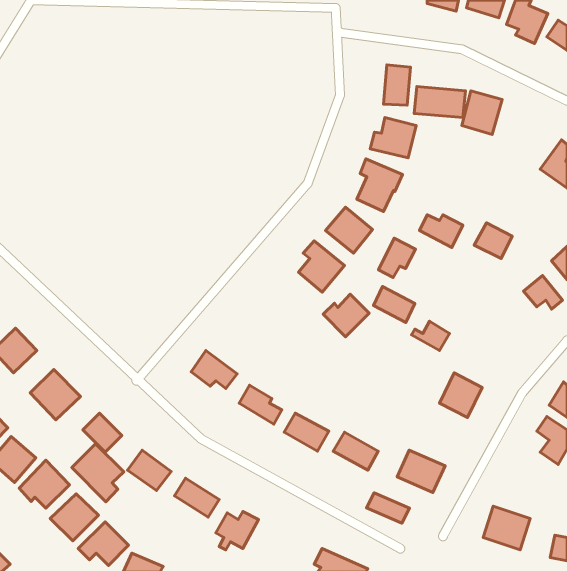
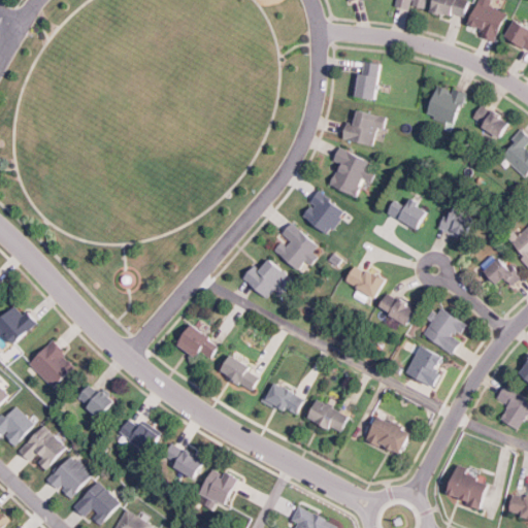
building: [414,87,466,118] -> none
building: none -> [470,104,508,139]
building: [378,238,415,277] -> none
building: [323,294,369,337] -> [242,258,285,297]
building: none -> [422,307,465,354]
building: [72,444,124,502] -> none
building: [367,493,409,523] -> none

